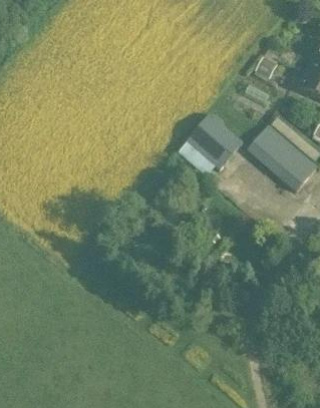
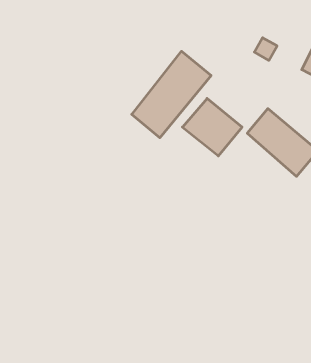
building: none -> [132,51,211,138]

